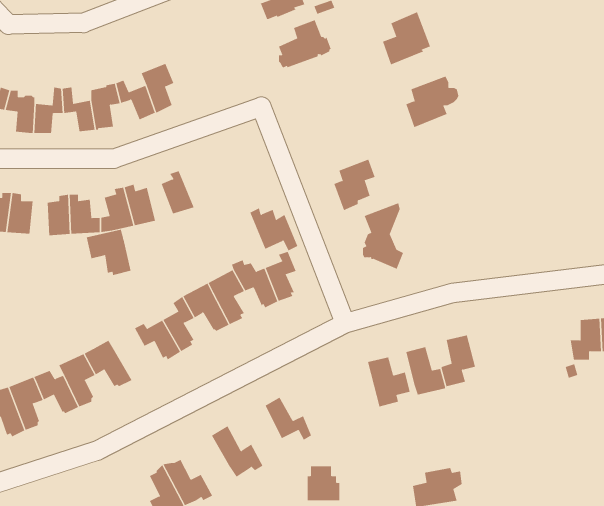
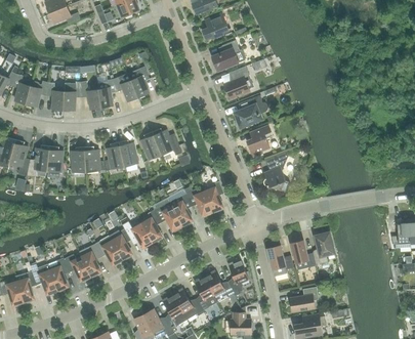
building: [382,11,431,65] -> [223,66,253,98]
building: [406,76,459,128] -> [235,95,267,127]
building: [250,207,298,251] -> [152,129,181,156]
building: [86,229,131,276] -> none
building: none -> [109,228,131,260]
building: none -> [227,260,250,296]
building: none -> [194,276,217,310]
building: none -> [289,287,318,312]
building: none -> [162,294,186,329]

